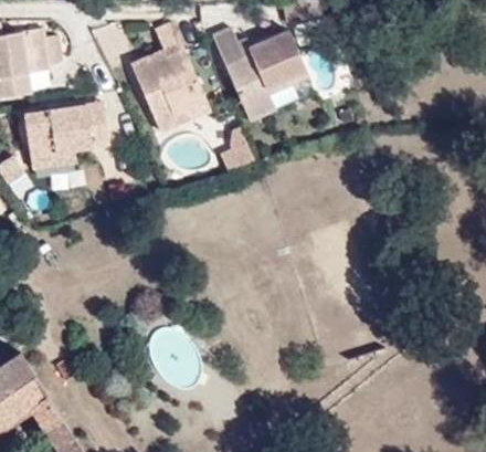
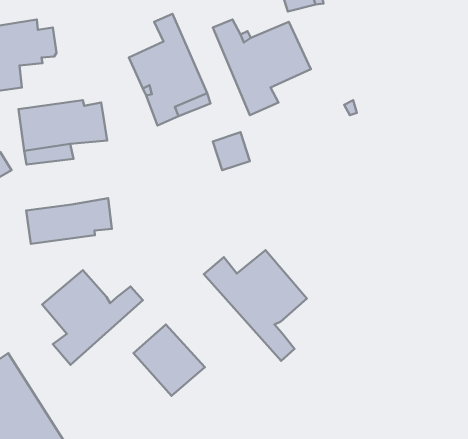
building: none -> [26,198,112,244]
building: none -> [204,250,307,361]
building: none -> [42,270,143,365]

